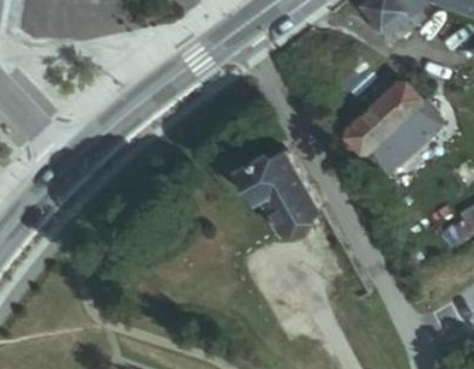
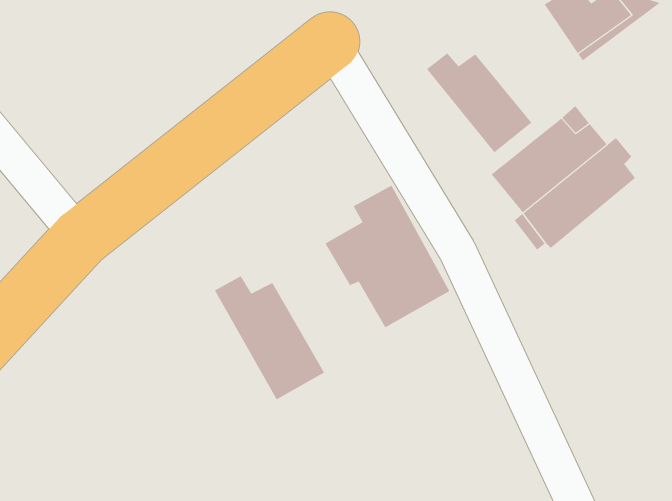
building: none -> [426,52,532,153]
building: none -> [214,276,325,400]

